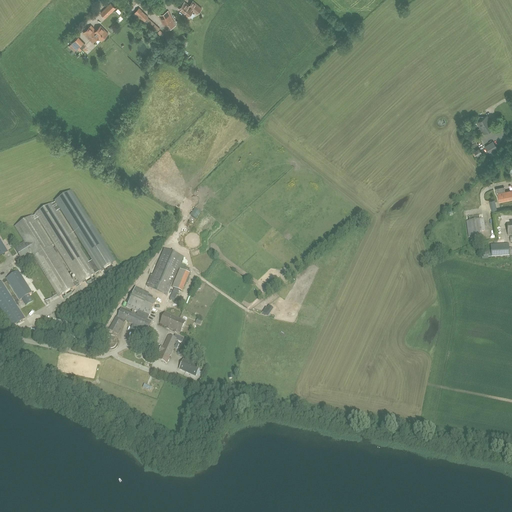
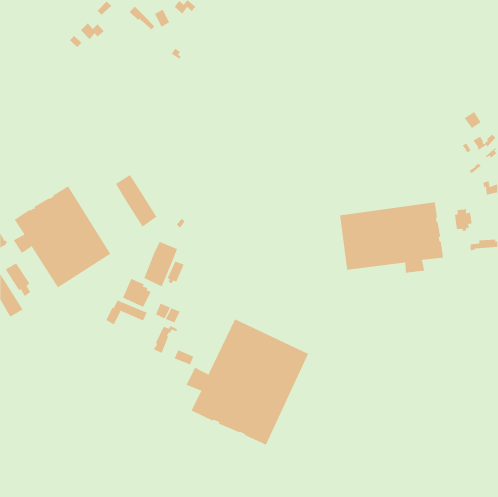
building: none -> [115,174,157,228]
building: none -> [340,202,443,274]
building: none -> [186,319,309,446]

